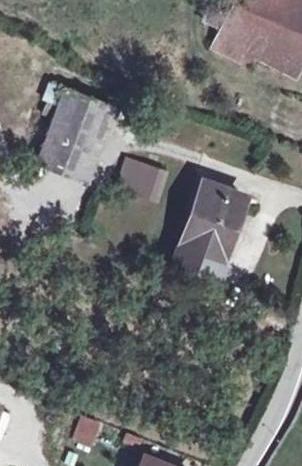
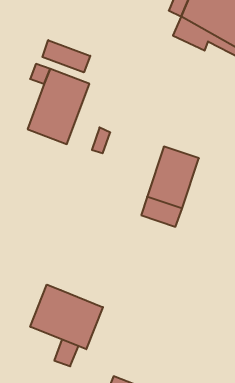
building: none -> [42,40,90,72]
building: [129,165,165,199] -> none
building: none -> [30,285,103,349]

